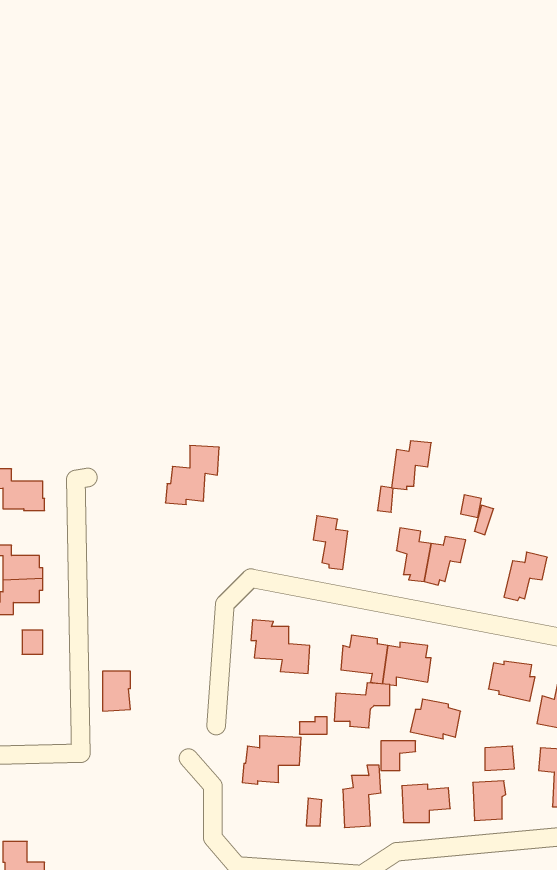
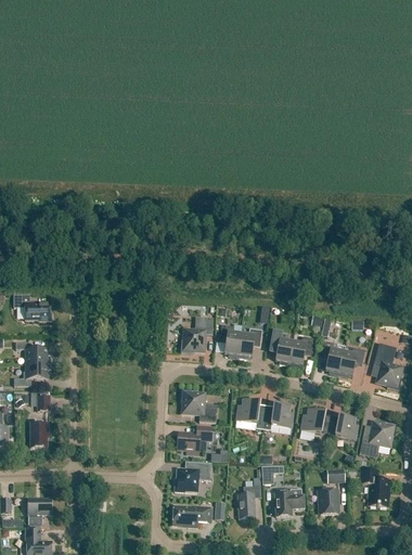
building: [391,441,431,490] -> [237,327,262,358]
building: [165,446,219,504] -> [180,315,214,352]
building: none -> [322,340,344,374]
building: [103,671,130,711] -> [30,422,48,447]
building: [334,683,390,728] -> [177,425,211,453]
building: [410,699,461,739] -> [300,408,332,433]
building: none -> [28,498,51,525]
building: none -> [172,505,211,527]

